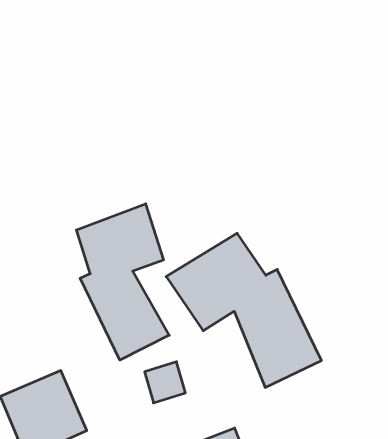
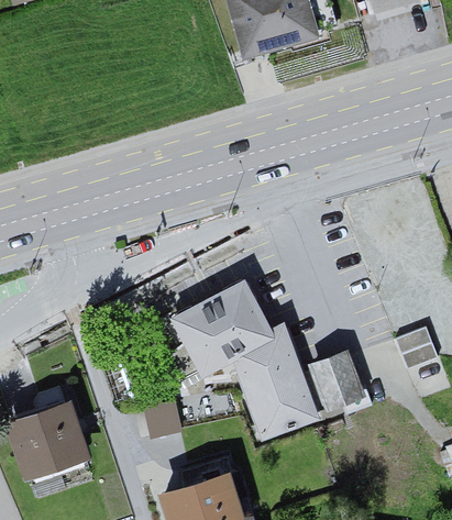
building: [76,204,169,360] -> none
building: none -> [313,350,364,407]

